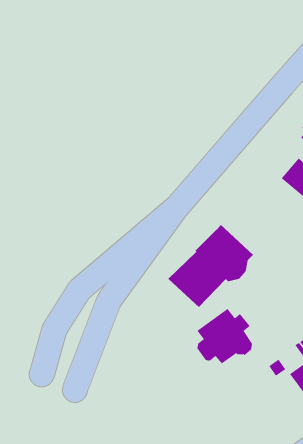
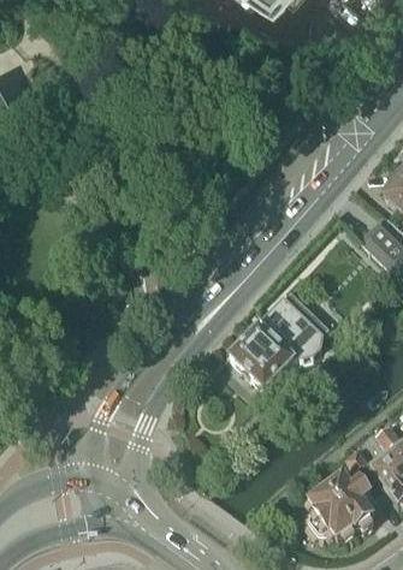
building: [197,308,253,364] -> [307,475,372,540]

